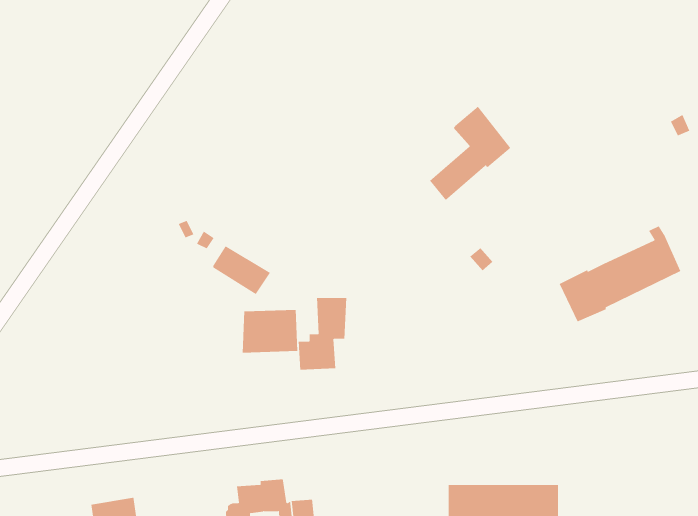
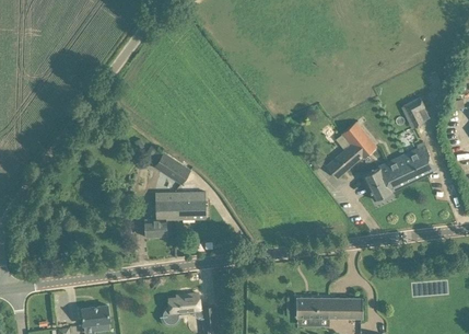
building: [429,106,511,201] -> [326,120,375,177]
building: none -> [399,96,424,128]
building: [298,297,347,370] -> [143,193,173,237]

